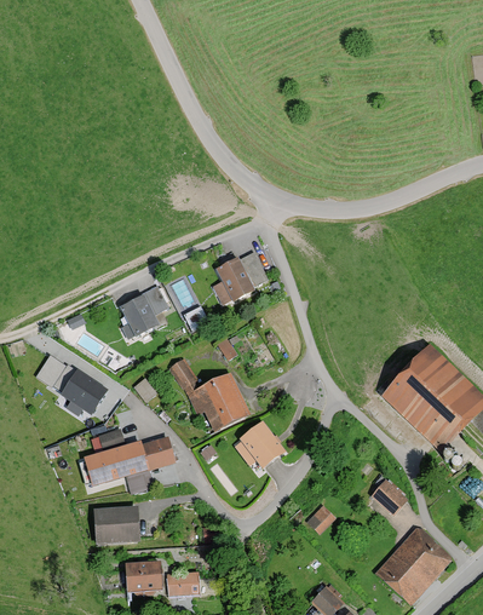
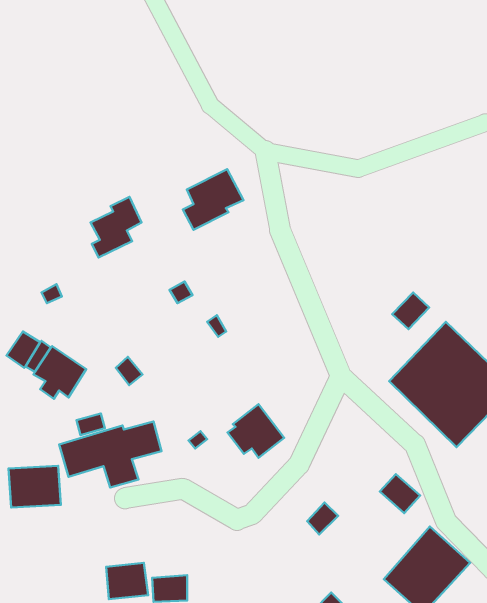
building: [213,251,268,305] -> [183,169,243,230]
building: [121,286,167,340] -> [90,197,142,257]
building: none -> [392,293,429,329]
building: [169,360,251,433] -> none
building: [93,504,140,541] -> [8,466,61,508]

